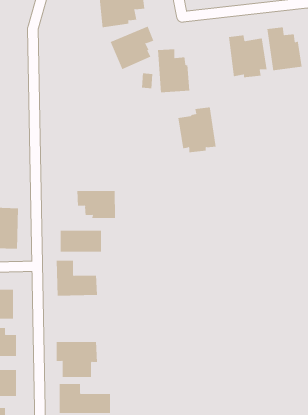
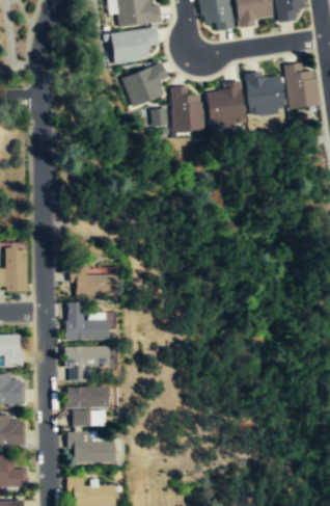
building: [177,107,217,153] -> [207,79,247,127]
building: [77,190,116,219] -> none
building: none -> [66,346,108,382]

